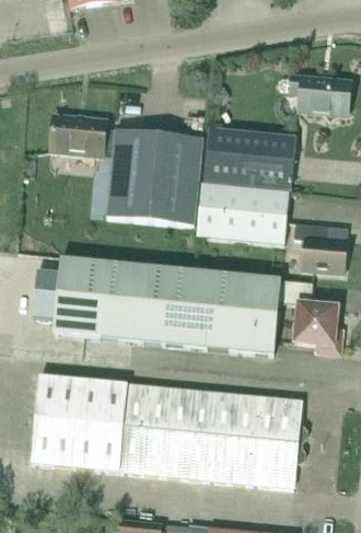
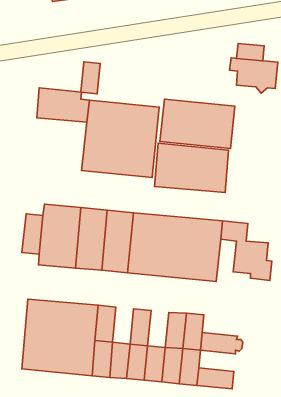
building: none -> [237,43,264,61]
building: none -> [81,62,100,94]
building: [292,221,346,273] -> none
building: [143,385,170,431] -> none
building: [187,390,213,436] -> none
building: [255,395,300,421] -> none
building: [251,439,303,465] -> none

